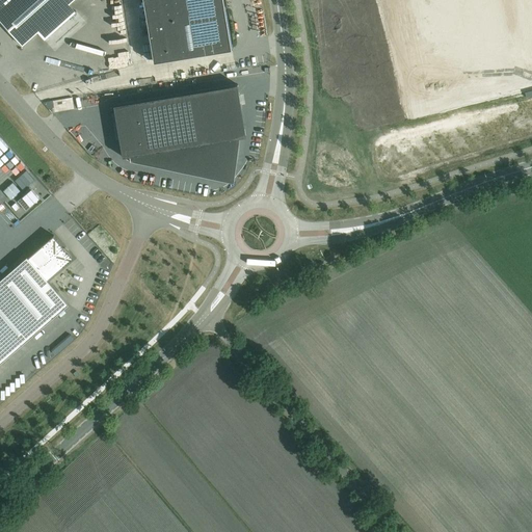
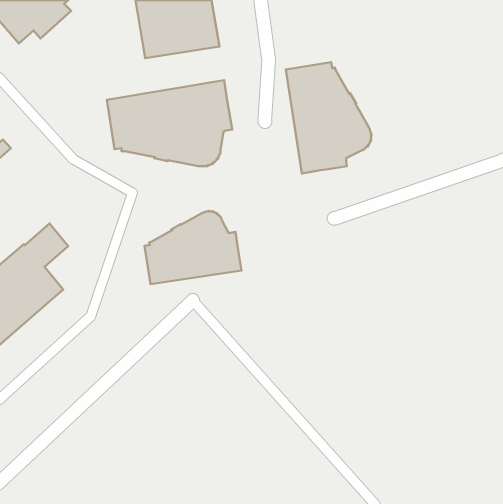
building: none -> [286,62,372,173]
building: none -> [144,211,242,284]

